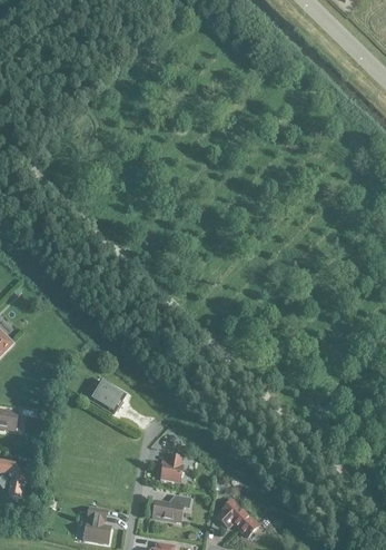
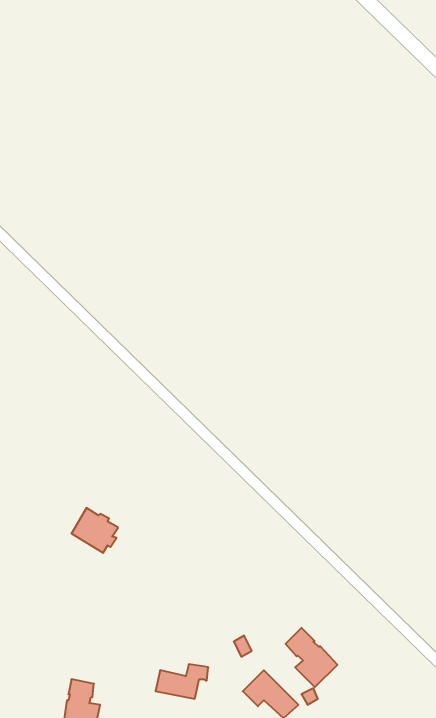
building: [160,453,182,481] -> none
building: none -> [286,628,337,687]

